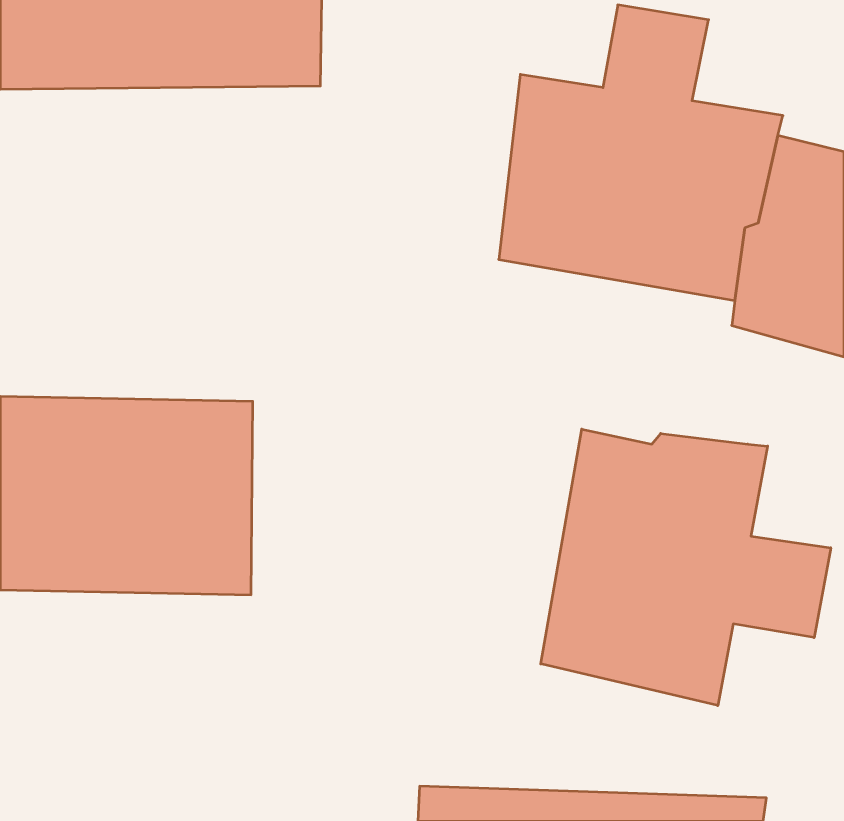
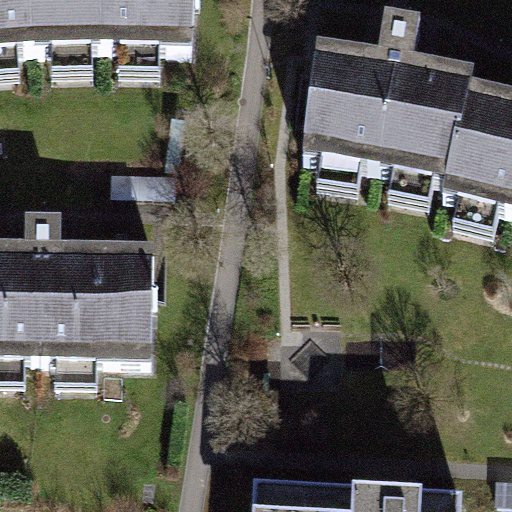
building: [541,429,831,706] -> none

